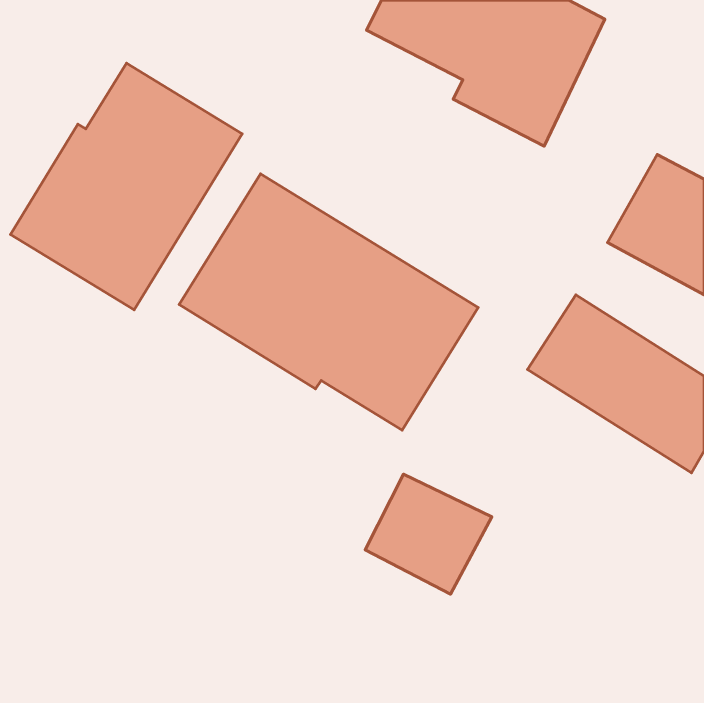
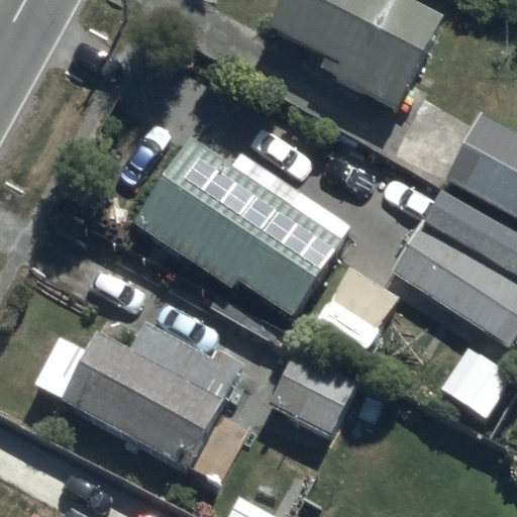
building: [10,63,242,310] -> none
building: none -> [31,322,245,469]

